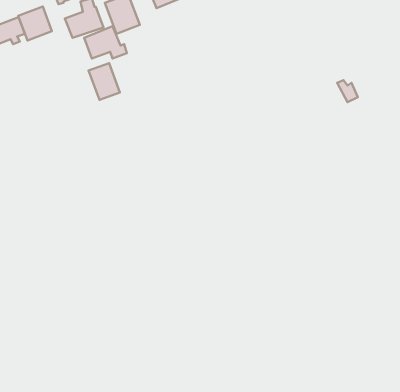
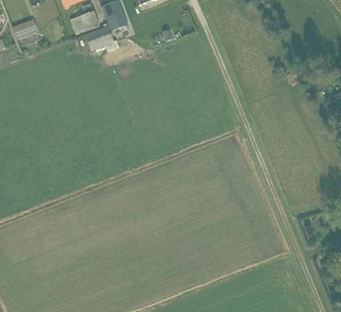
building: [18,6,52,41] -> none
building: [89,63,120,100] -> none

